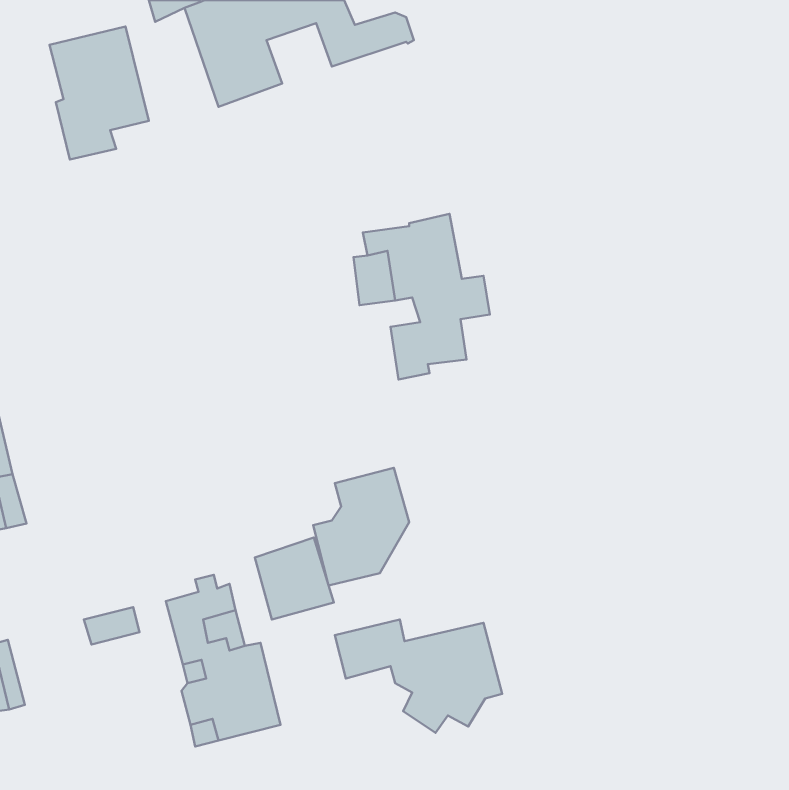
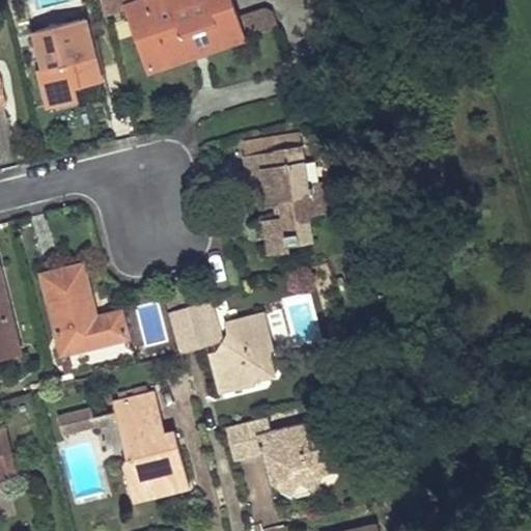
building: none -> [178,17,222,57]
building: none -> [40,264,125,353]
building: [255,537,334,620] -> [167,300,220,355]

